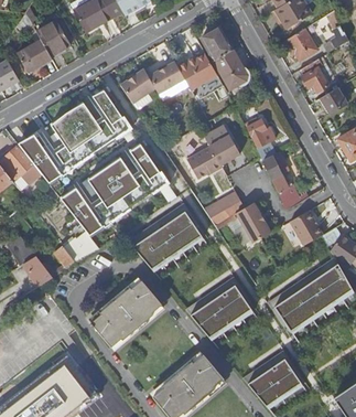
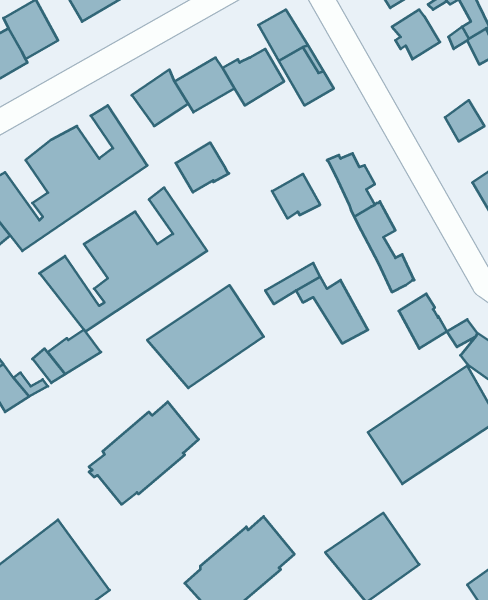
building: [298,57,328,92] -> none
building: [186,146,220,178] -> [176,143,229,192]
building: [185,278,252,341] -> none

